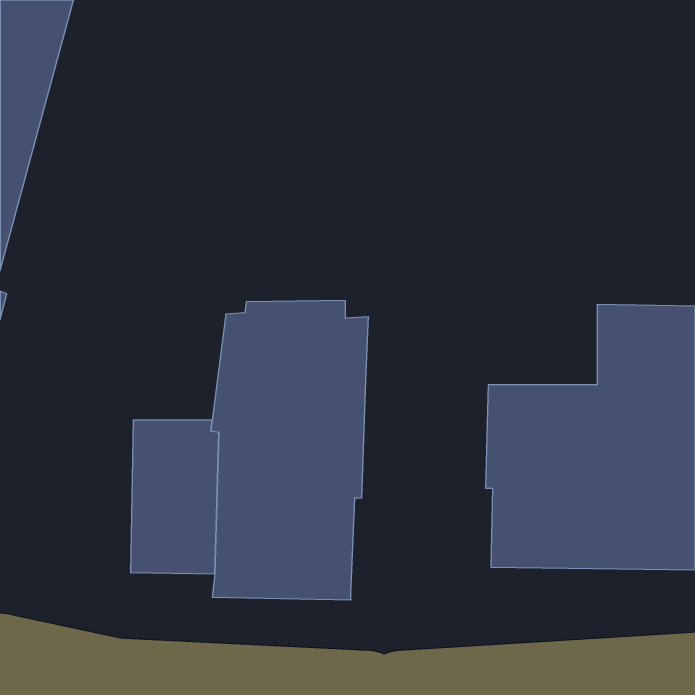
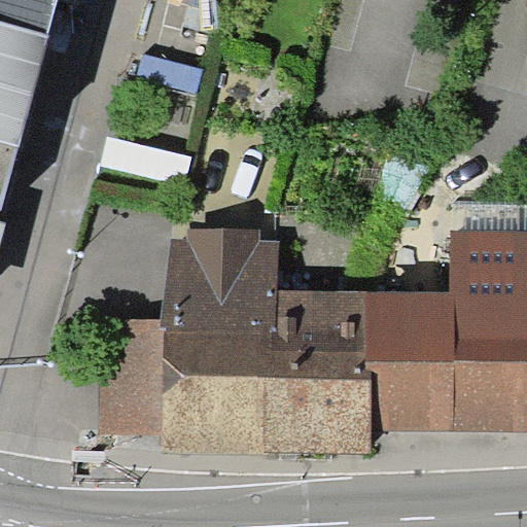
building: none -> [266,288,373,453]

